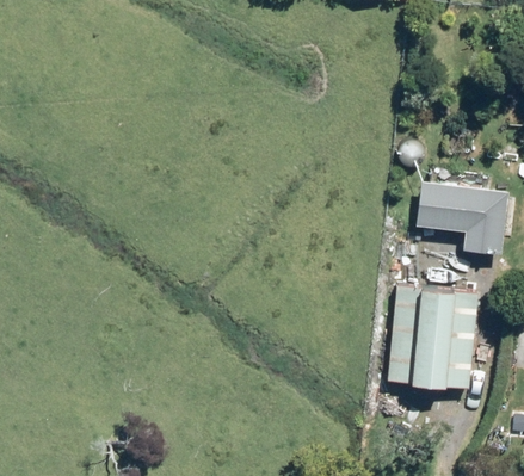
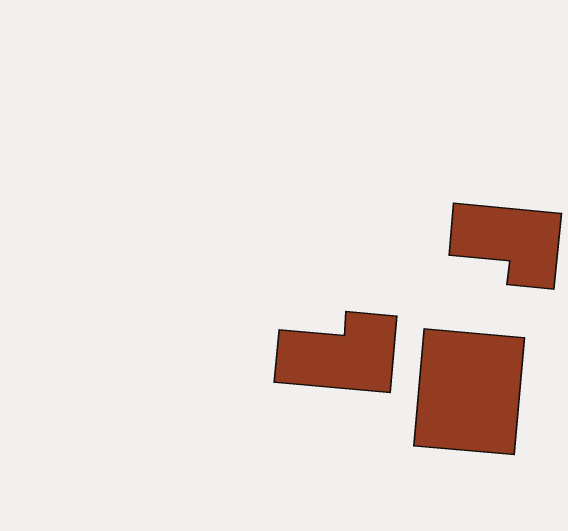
building: none -> [274,312,397,392]

